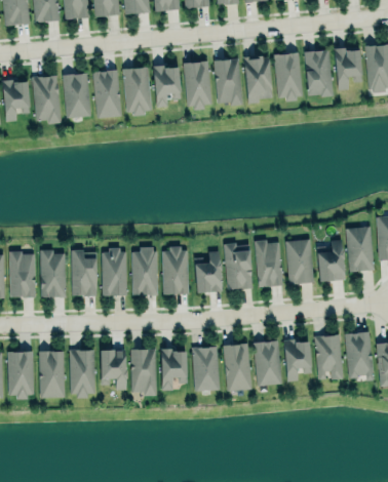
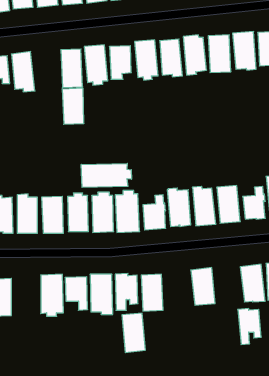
building: [63,74,89,118] -> [62,88,84,124]
building: none -> [81,163,131,187]
building: [283,337,312,381] -> [238,309,261,345]
building: [223,343,251,391] -> [122,313,145,353]
building: [38,350,65,397] -> none

